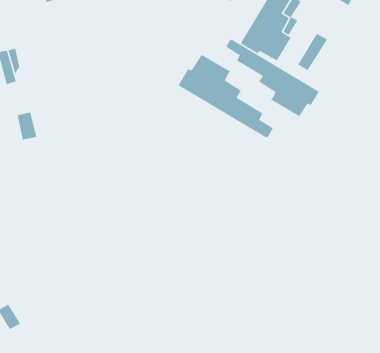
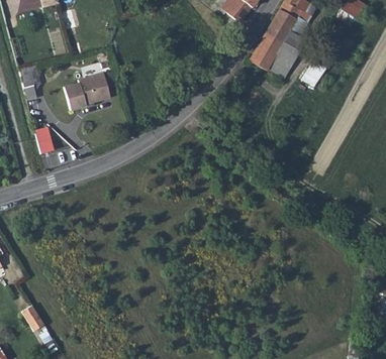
building: [225,38,320,117] -> none
building: [177,54,274,139] -> none
building: none -> [64,74,110,110]

